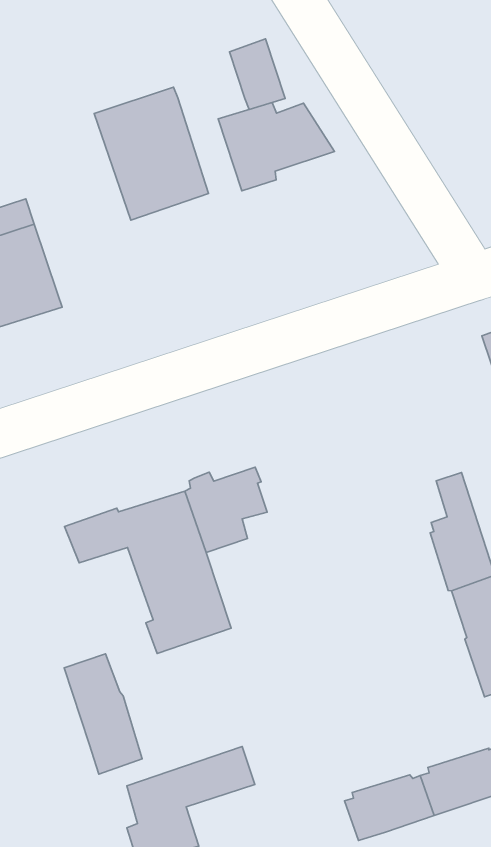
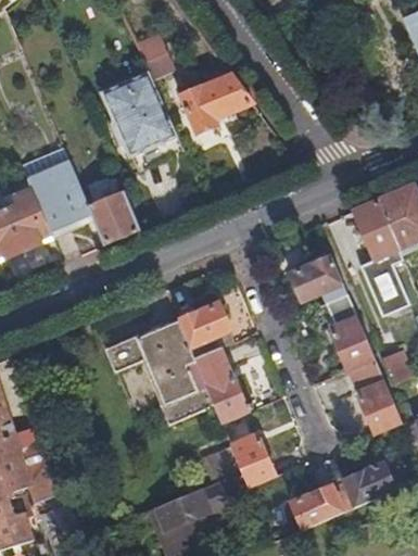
building: [229,39,285,109] -> [137,33,174,77]
building: none -> [88,191,139,245]
building: none -> [291,252,347,302]
building: [64,654,142,774] -> [193,346,246,421]
building: none -> [230,434,275,485]

